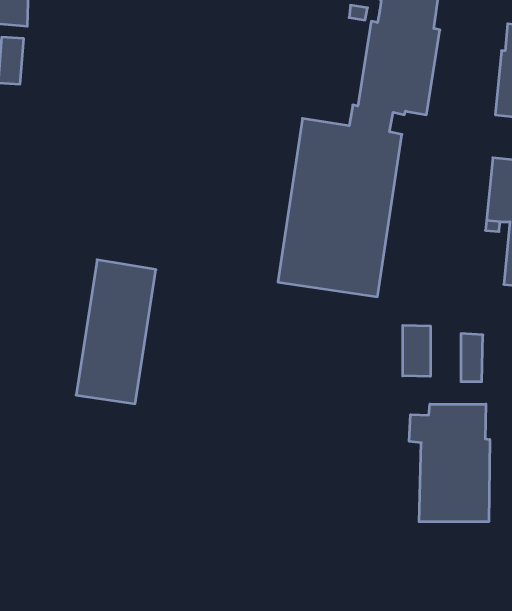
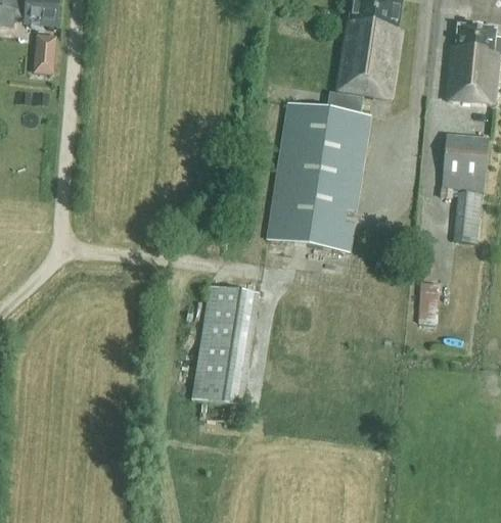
building: [76,260,156,404] -> [191,286,258,406]
building: [403,325,430,376] -> none
building: [409,404,490,522] -> none

